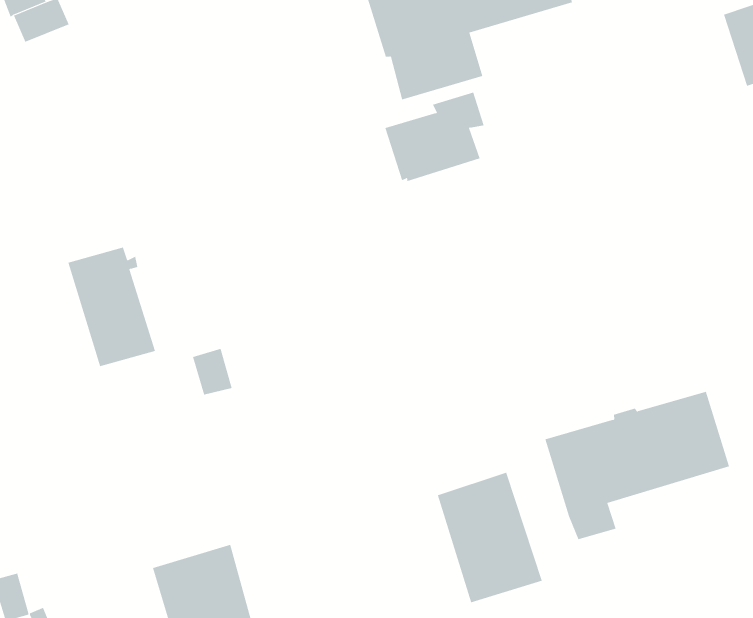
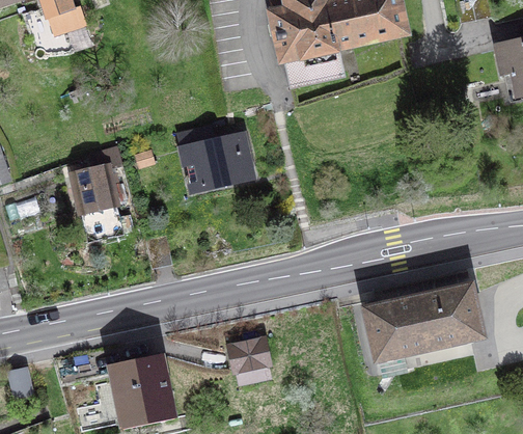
building: [385,92,484,182] -> [183,129,246,183]
building: [437,472,543,603] -> none
building: none -> [230,337,270,380]

